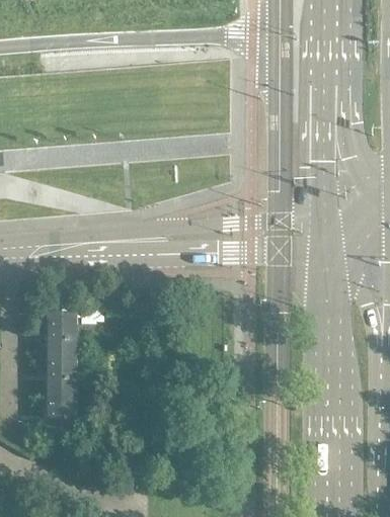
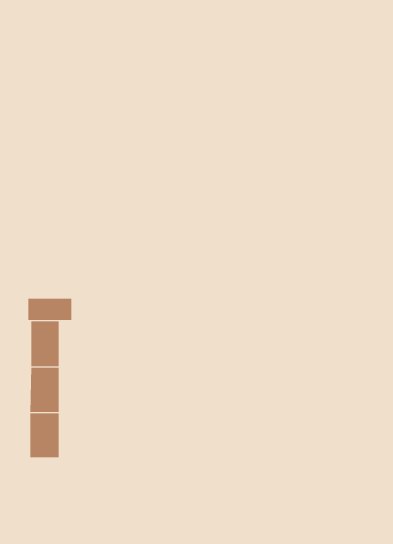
building: none -> [28,298,72,321]

